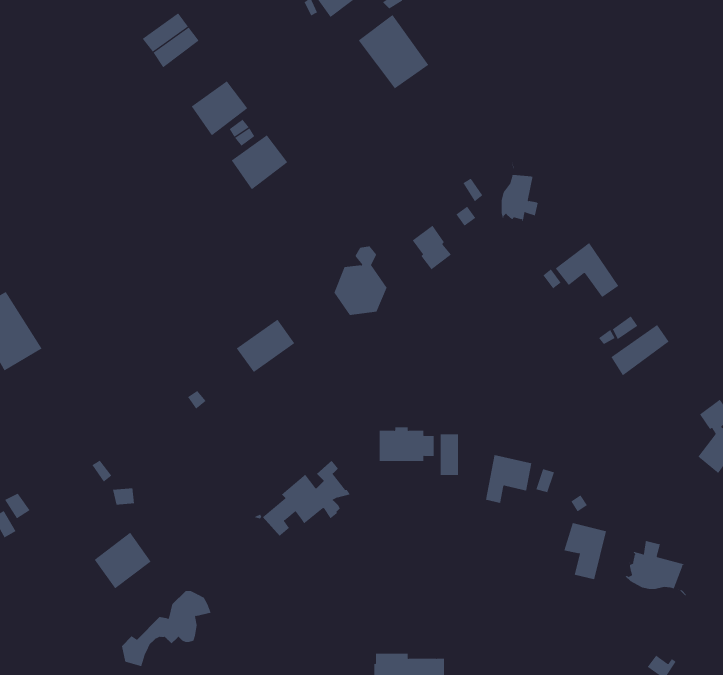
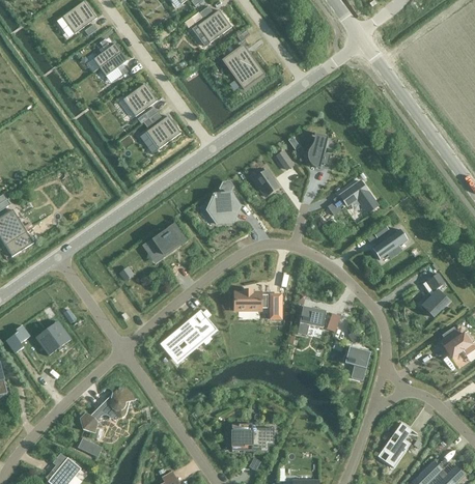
building: [94,532,151,589] -> [35,320,69,354]
building: [624,540,687,597] -> none

